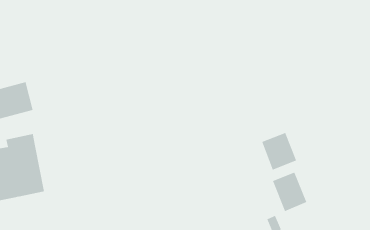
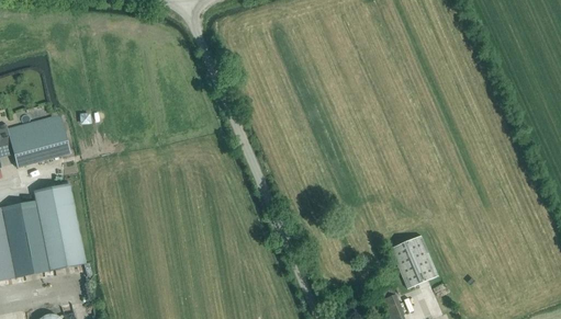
building: [262,132,297,170] -> none

